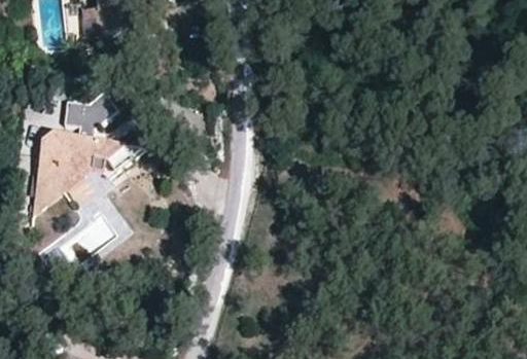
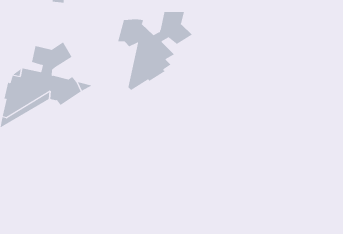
building: none -> [118,11,193,91]

